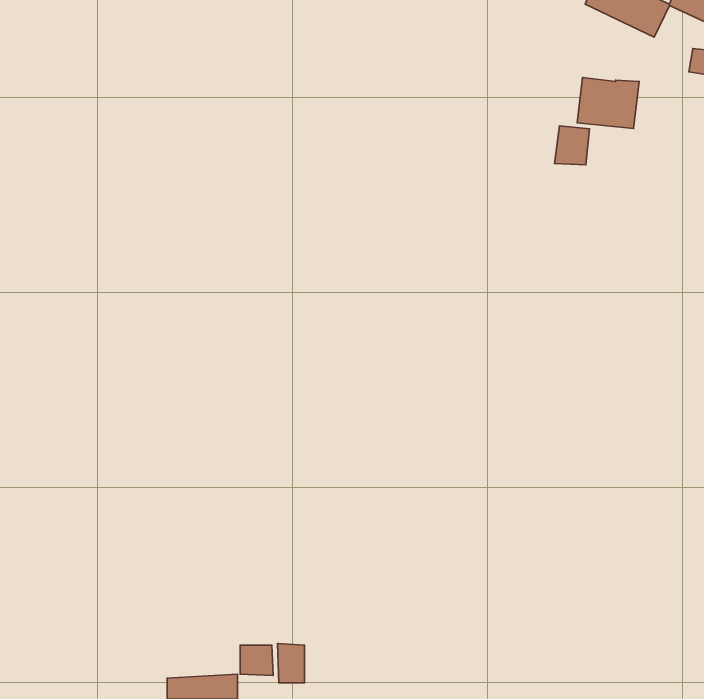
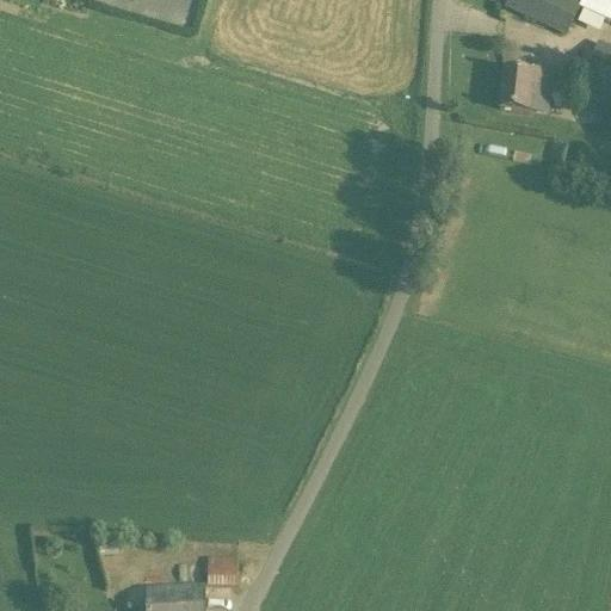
building: [554,126,589,165] -> none
building: [277,643,305,683] -> none

